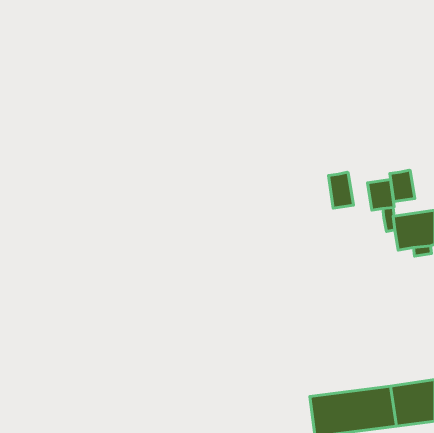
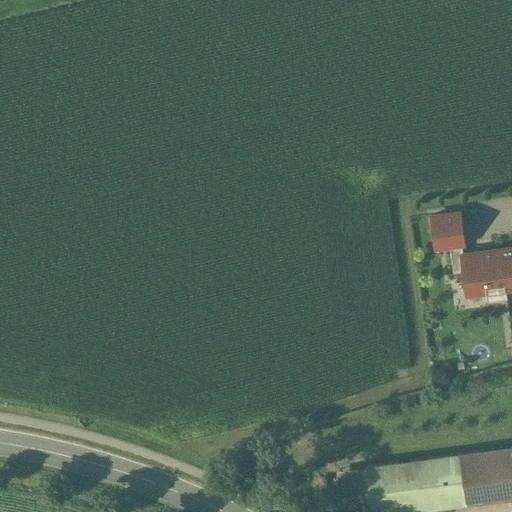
building: [390,170,415,202] -> none
building: [329,172,354,208] -> none

